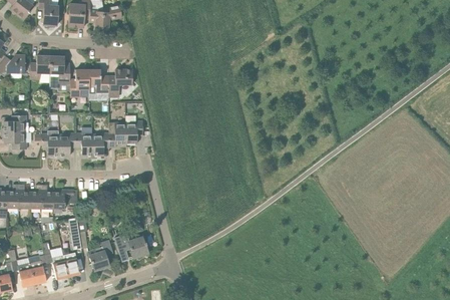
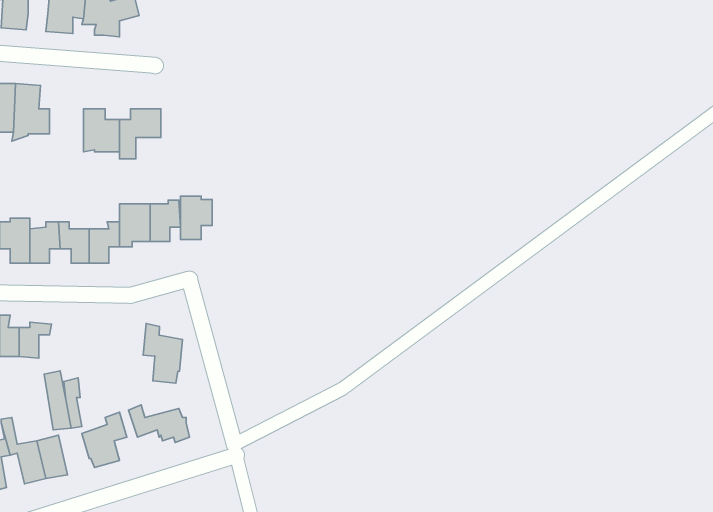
building: [70,69,89,97] -> none
building: none -> [181,196,212,239]
building: none -> [143,324,182,383]

